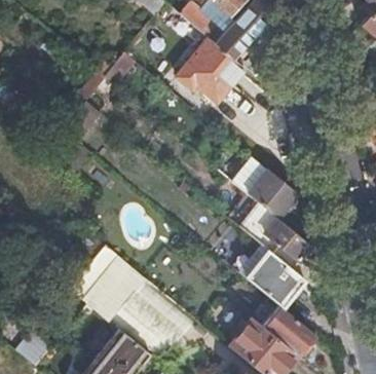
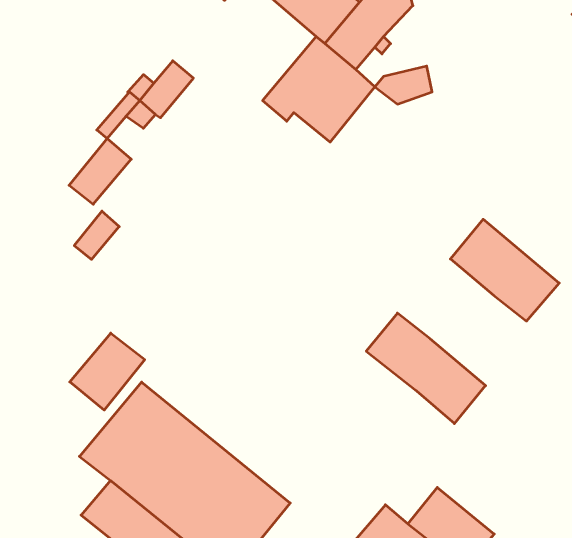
building: [232,158,297,219] -> [450,219,559,321]
building: none -> [70,333,145,410]
building: [246,250,305,307] -> none

